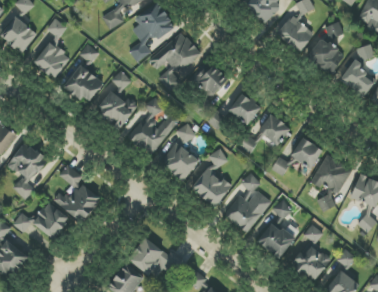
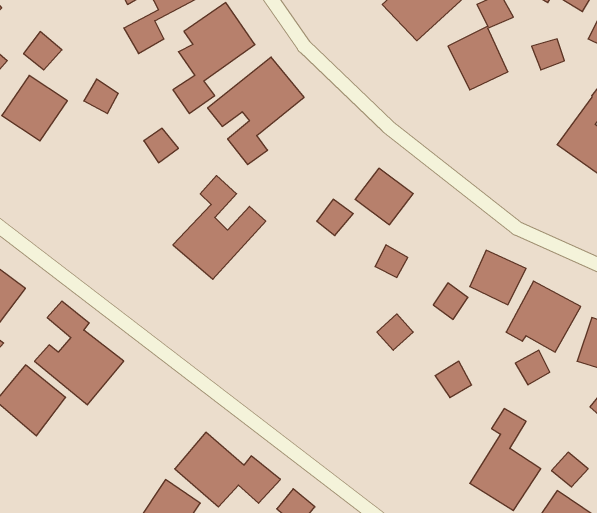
building: [307,38,344,75] -> none
building: [193,62,227,96] -> none
building: [65,65,103,103] -> none
building: [95,90,135,128] -> none
building: [258,114,290,145] -> none
building: [161,123,198,180] -> none
building: [191,149,231,207] -> none
building: [223,190,271,233] -> none
building: [257,222,294,258] -> none

